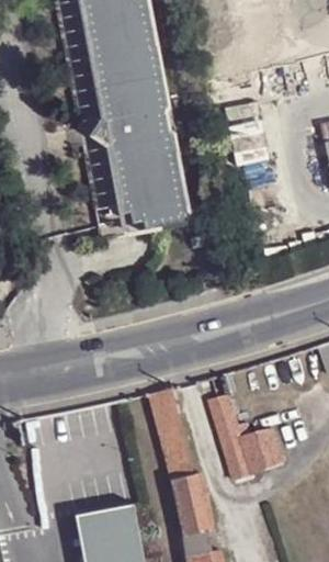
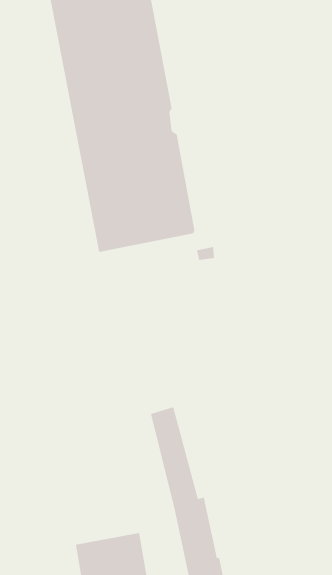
building: [209,393,283,480] -> none

